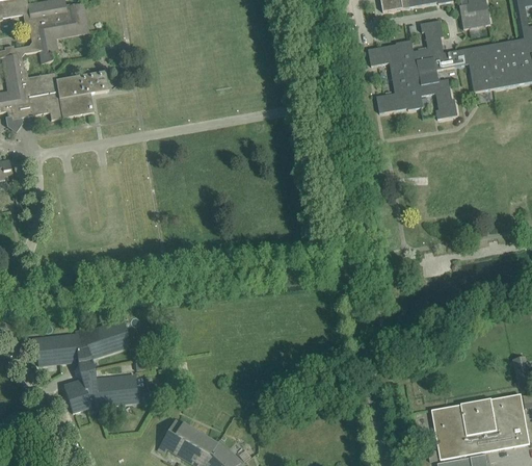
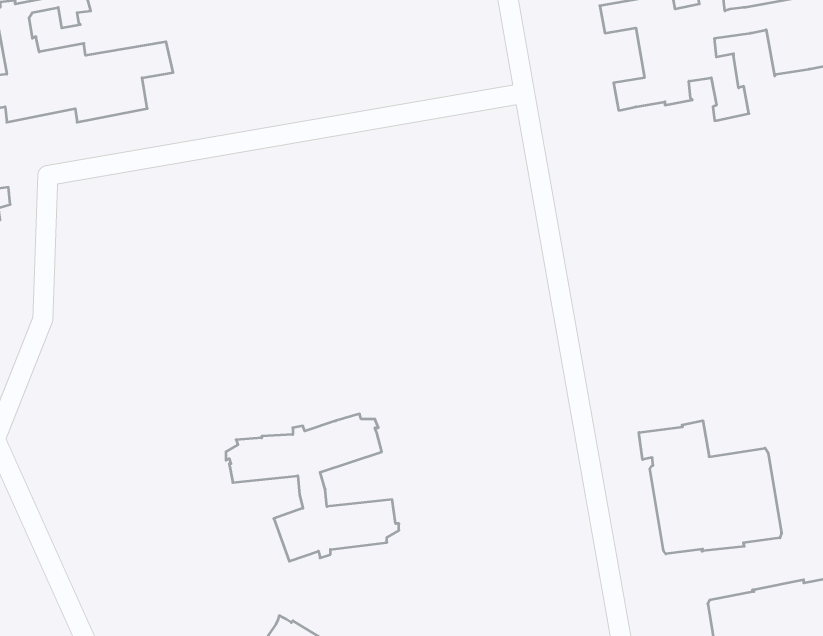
building: none -> [639,421,781,554]
building: [34,322,139,412] -> [226,414,399,561]

